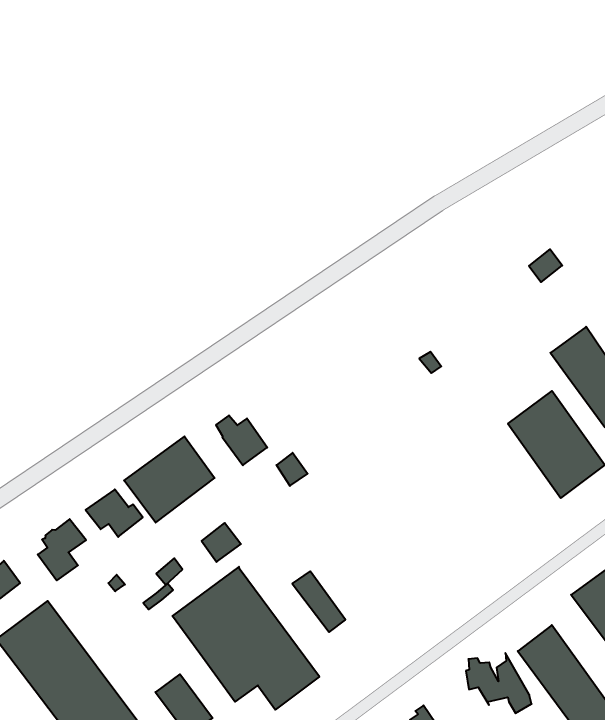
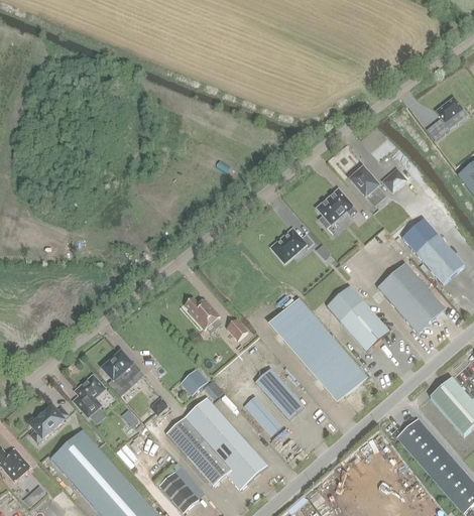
building: none -> [351,167,382,197]
building: none -> [318,189,357,233]
building: none -> [272,229,314,260]
building: none -> [327,285,389,351]
building: none -> [268,298,366,397]
building: [124,436,215,523] -> none
building: none -> [255,368,305,419]

